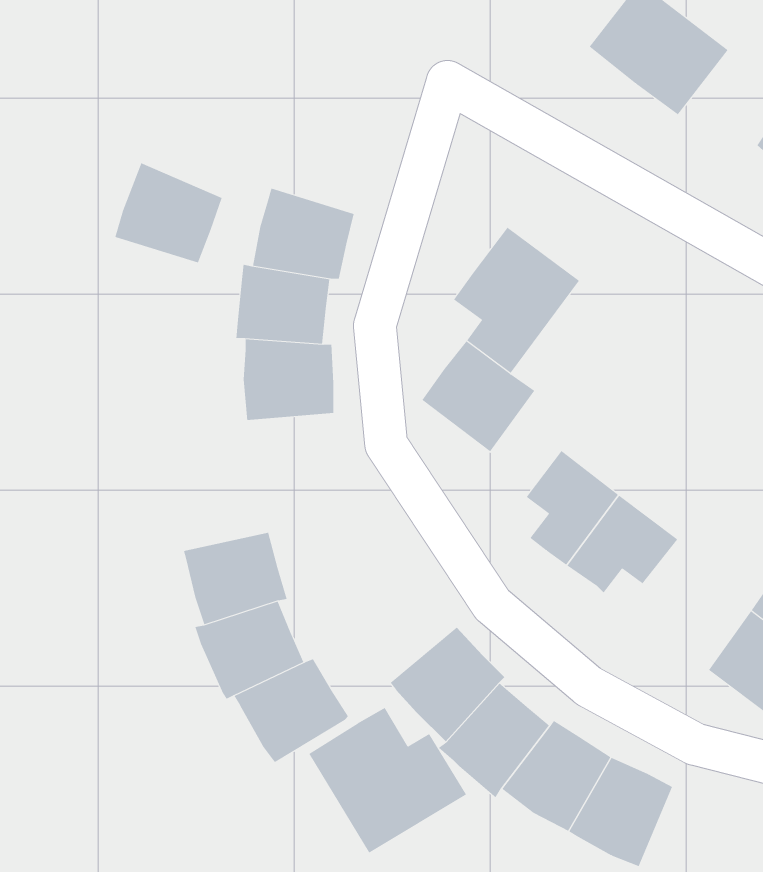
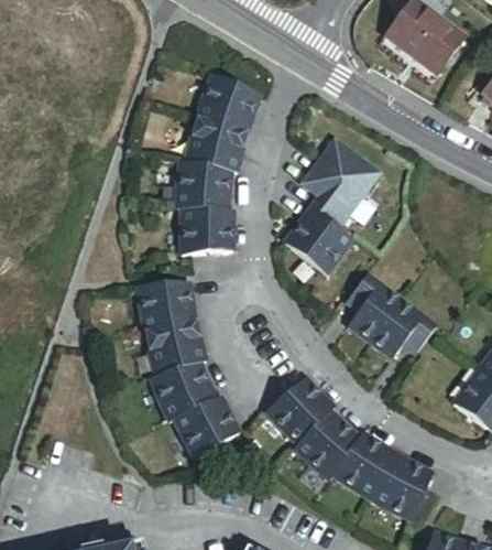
building: [115,163,223,263] -> [196,74,260,133]
building: none -> [138,282,195,333]
building: [309,707,467,853] -> none

